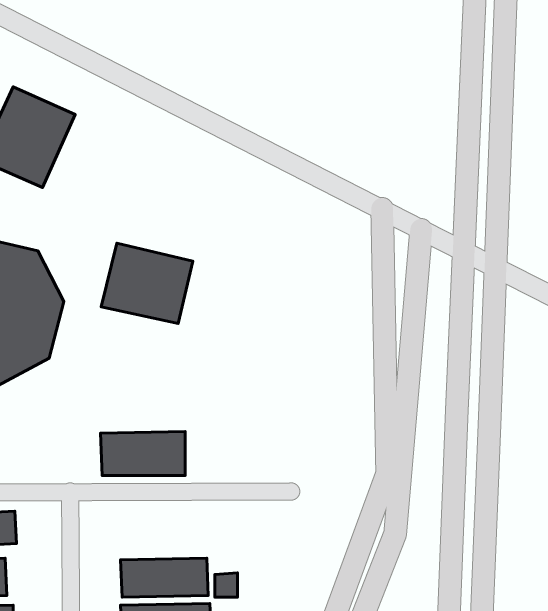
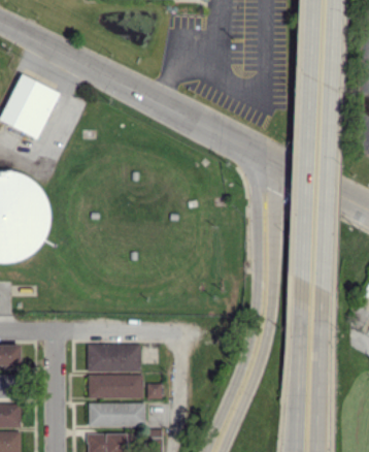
building: [101,243,193,324] -> none
building: [101,431,185,475] -> [87,344,140,372]

